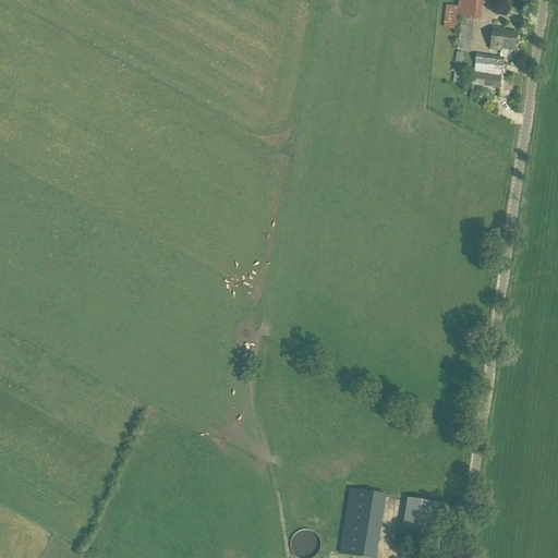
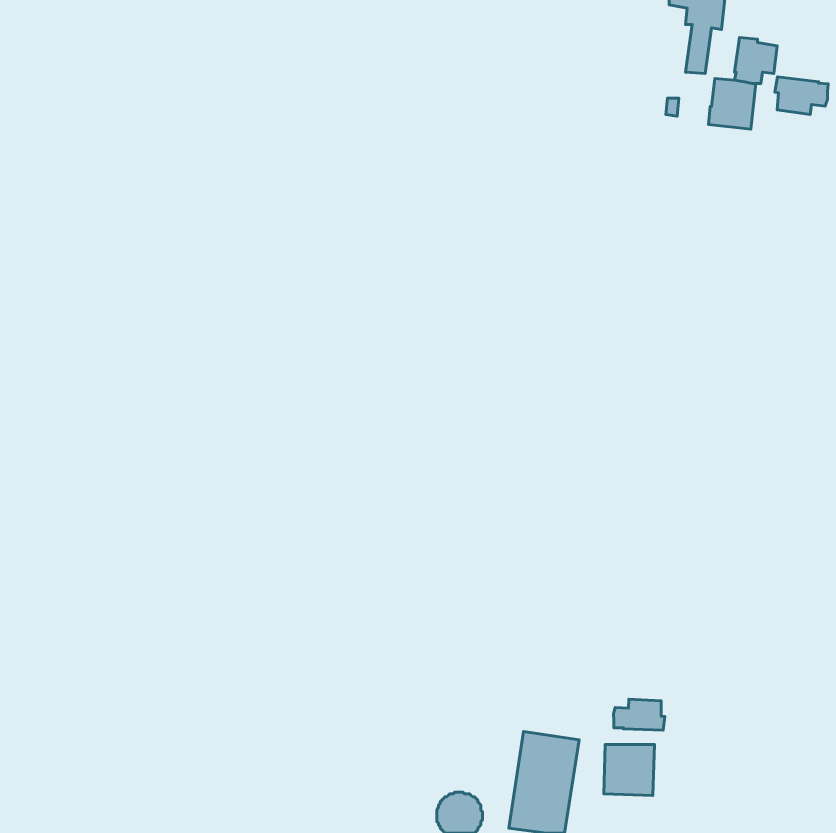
building: none -> [775,77,828,114]
building: none -> [614,699,665,730]

